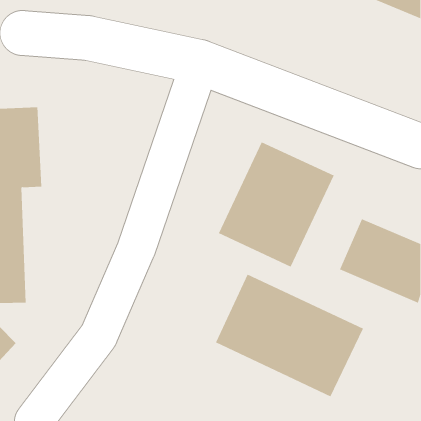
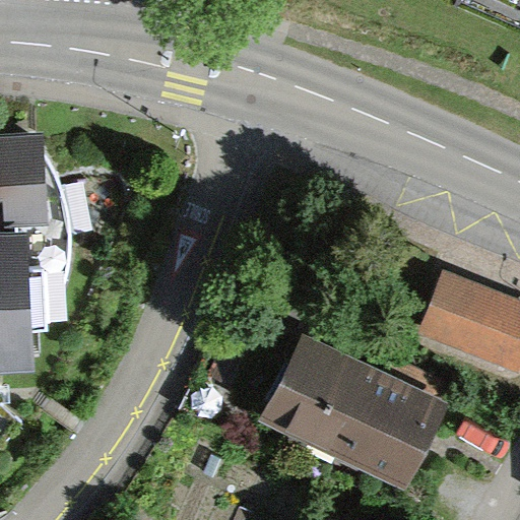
building: [218,141,334,268] -> none

